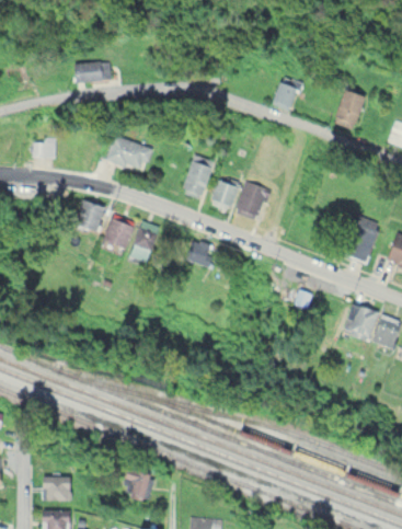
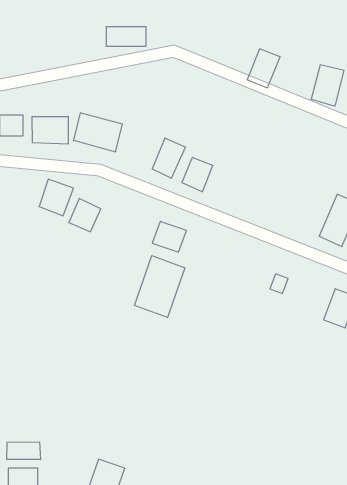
building: [72,62,111,81] -> [106,27,146,46]
building: none -> [32,116,68,144]
building: [232,180,273,221] -> none
building: [129,223,162,261] -> none
building: none -> [134,256,185,318]
building: none -> [7,442,41,460]

